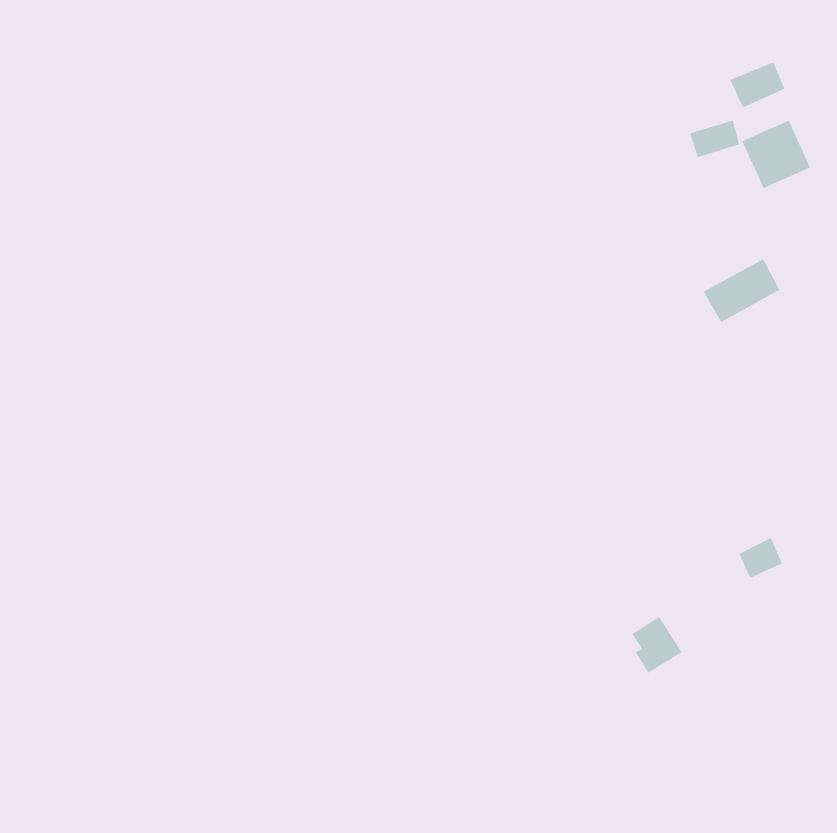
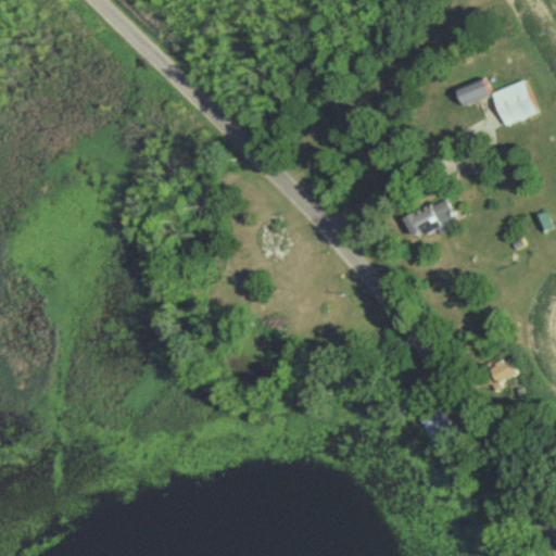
building: [729,62,785,108] -> none
building: [703,259,780,323] -> [402,197,453,239]

